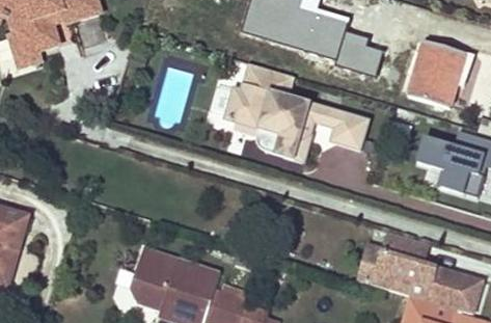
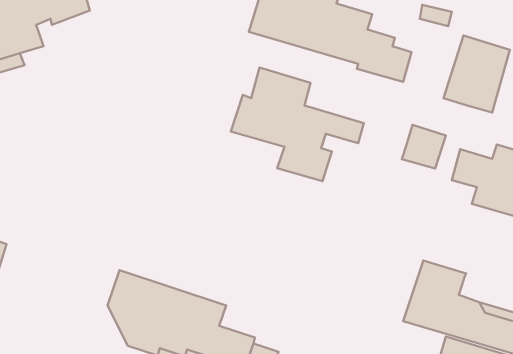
building: [331,112,370,151] -> [402,125,446,169]

